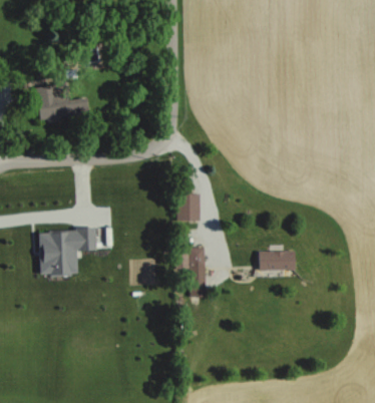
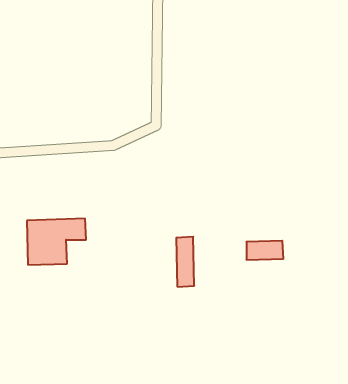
building: [33,83,93,122] -> none
building: [177,193,201,222] -> none

